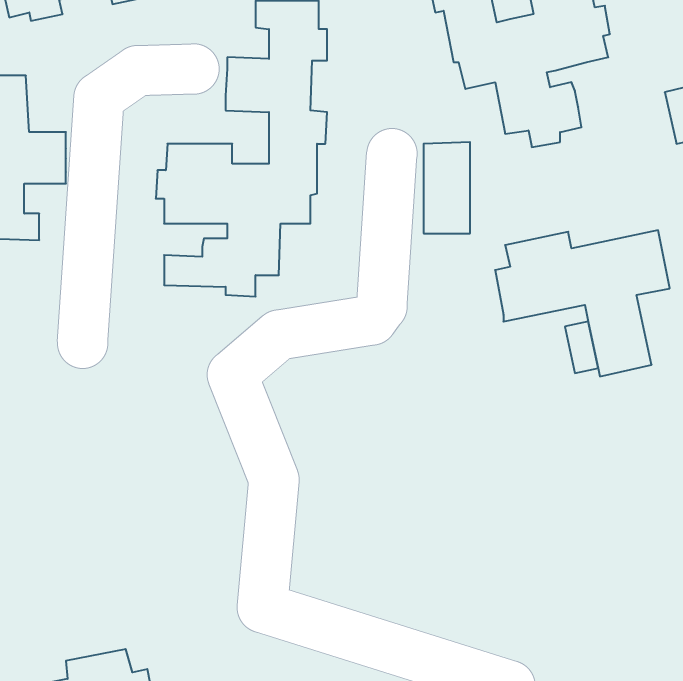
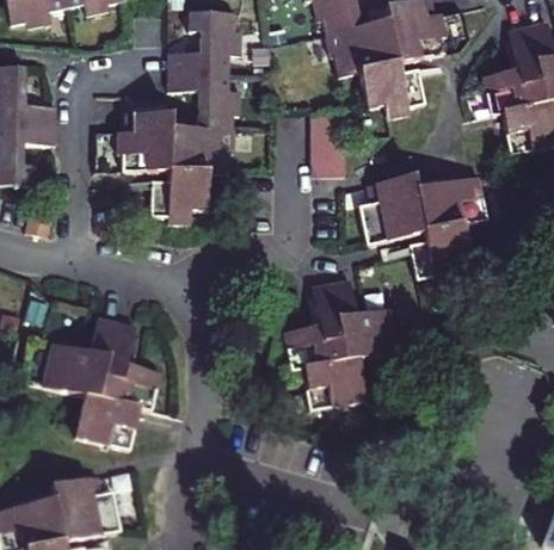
building: none -> [283,280,399,408]
building: none -> [43,317,159,447]

